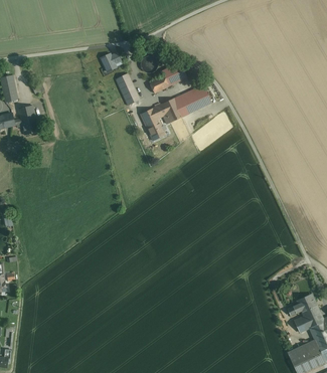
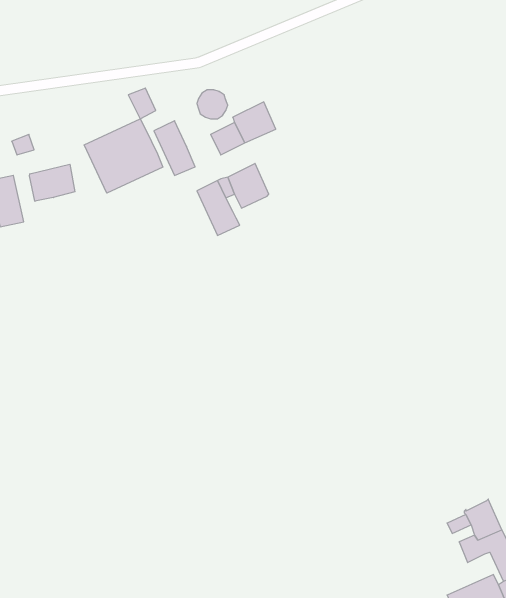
building: none -> [84,119,163,193]
building: [174,83,211,117] -> none
building: none -> [29,164,75,201]

